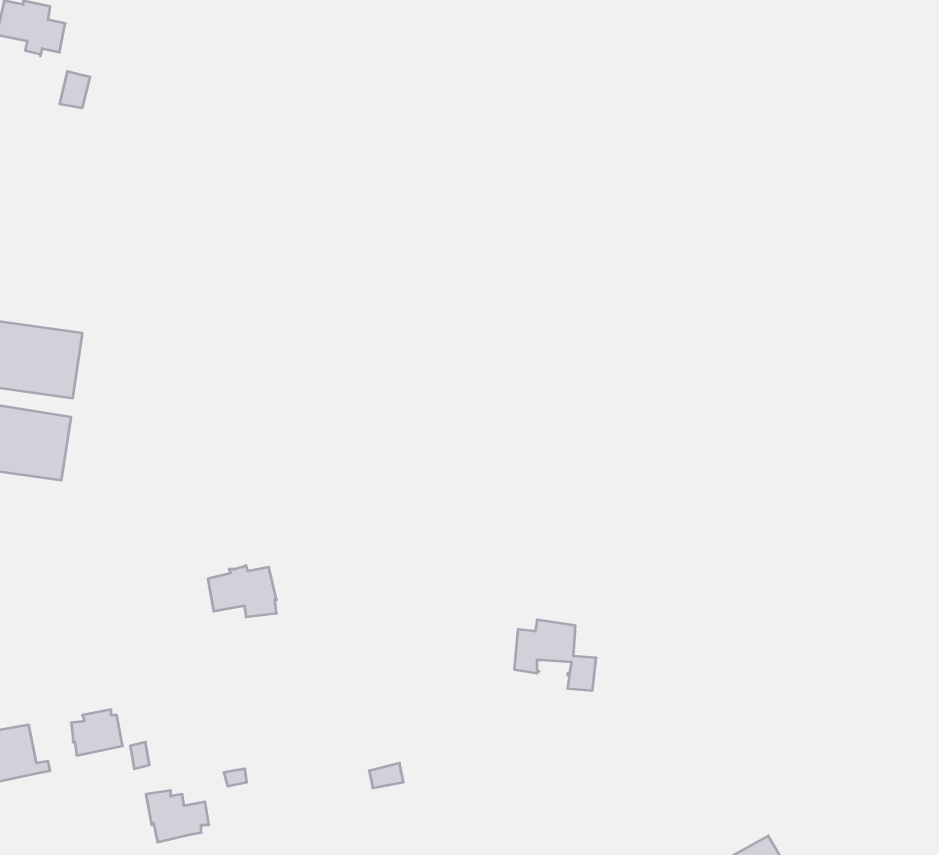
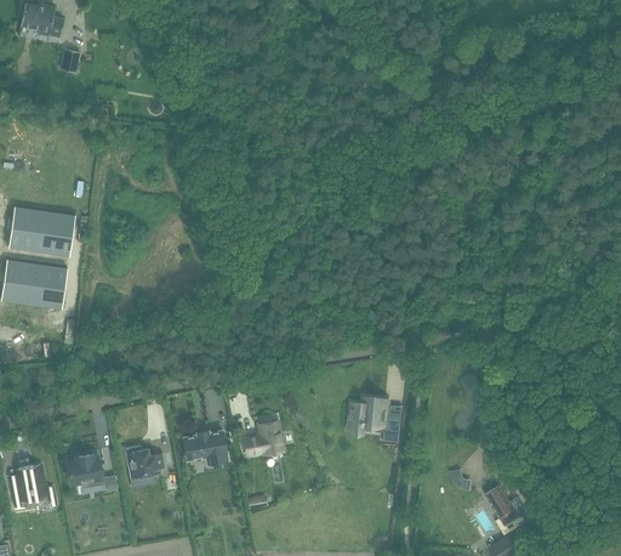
building: [208,565,277,617] -> [182,430,226,463]
building: none -> [243,421,284,454]
building: none -> [484,486,525,524]
building: [146,790,209,842] -> [124,446,164,478]

